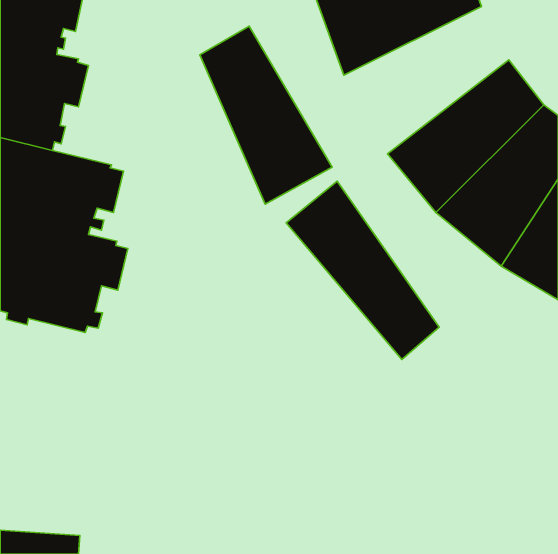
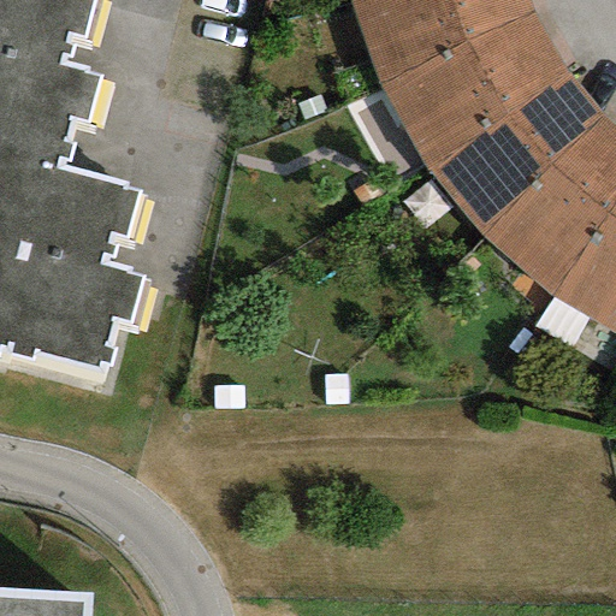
building: none -> [379,7,561,170]
building: [200,26,332,204] -> none
building: [286,181,439,359] -> none

